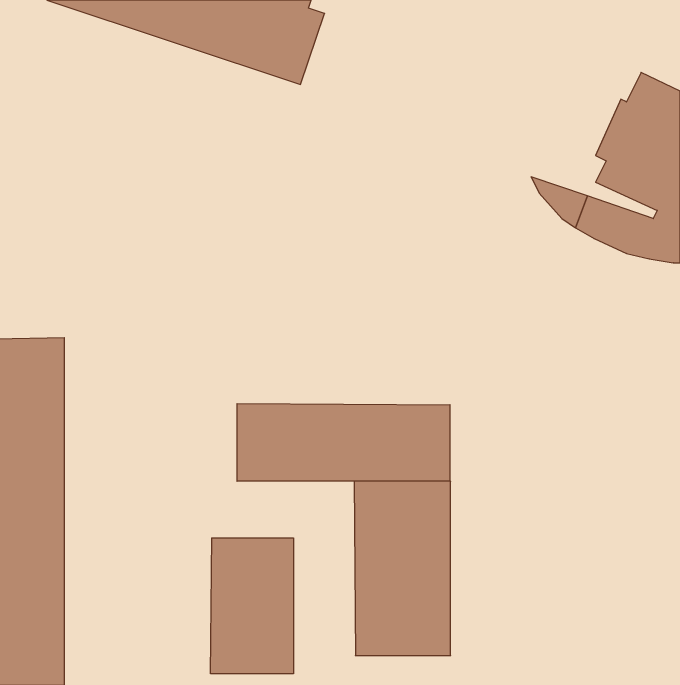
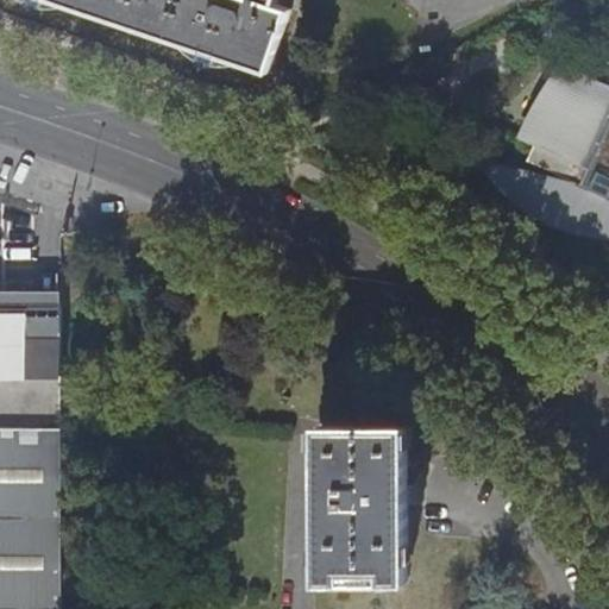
building: [237,404,450,481] -> none
building: [211,538,293,674] -> none

